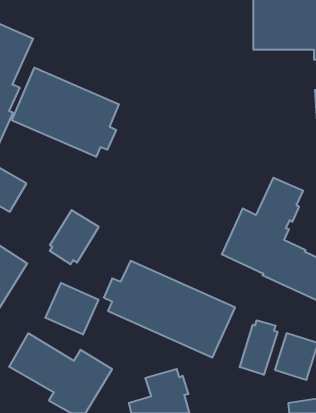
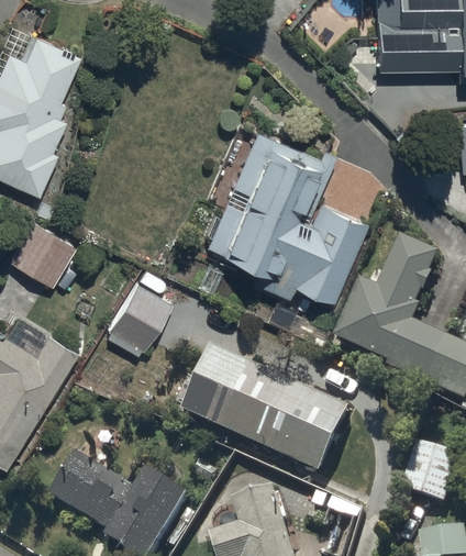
building: [12,68,119,157] -> none
building: none -> [206,134,365,307]
building: [45,283,98,335] -> none
building: [240,320,278,375] -> none

